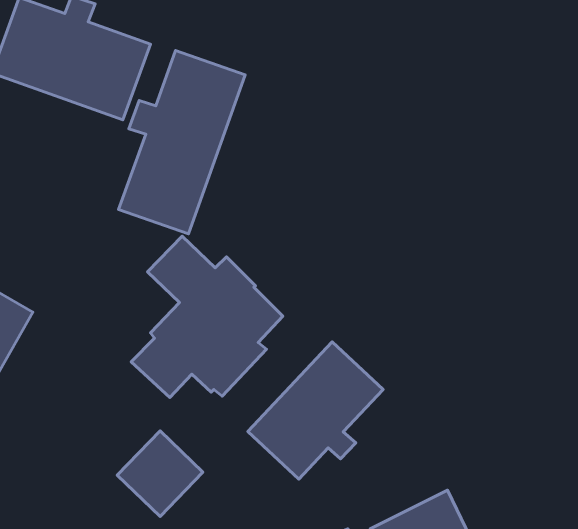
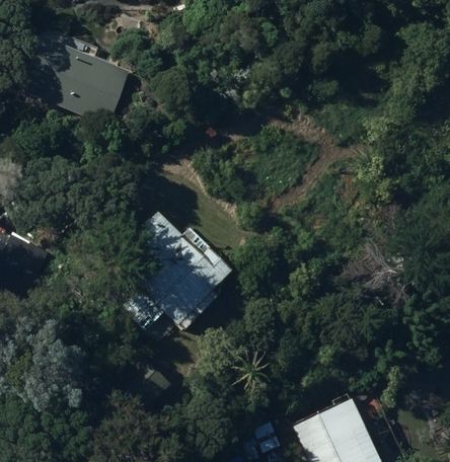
building: [119,51,245,234] -> none
building: [248,342,383,479] -> none

